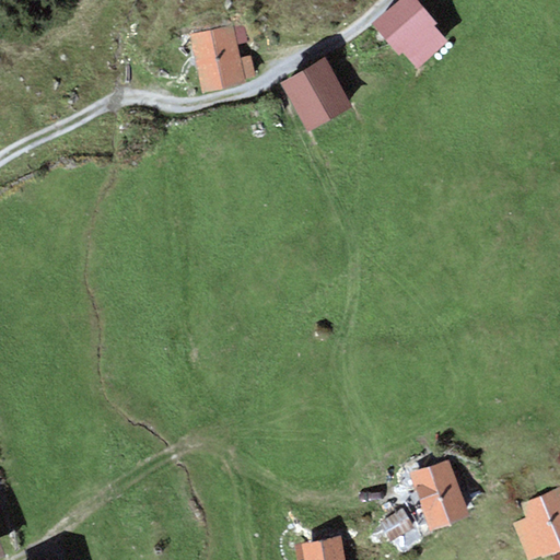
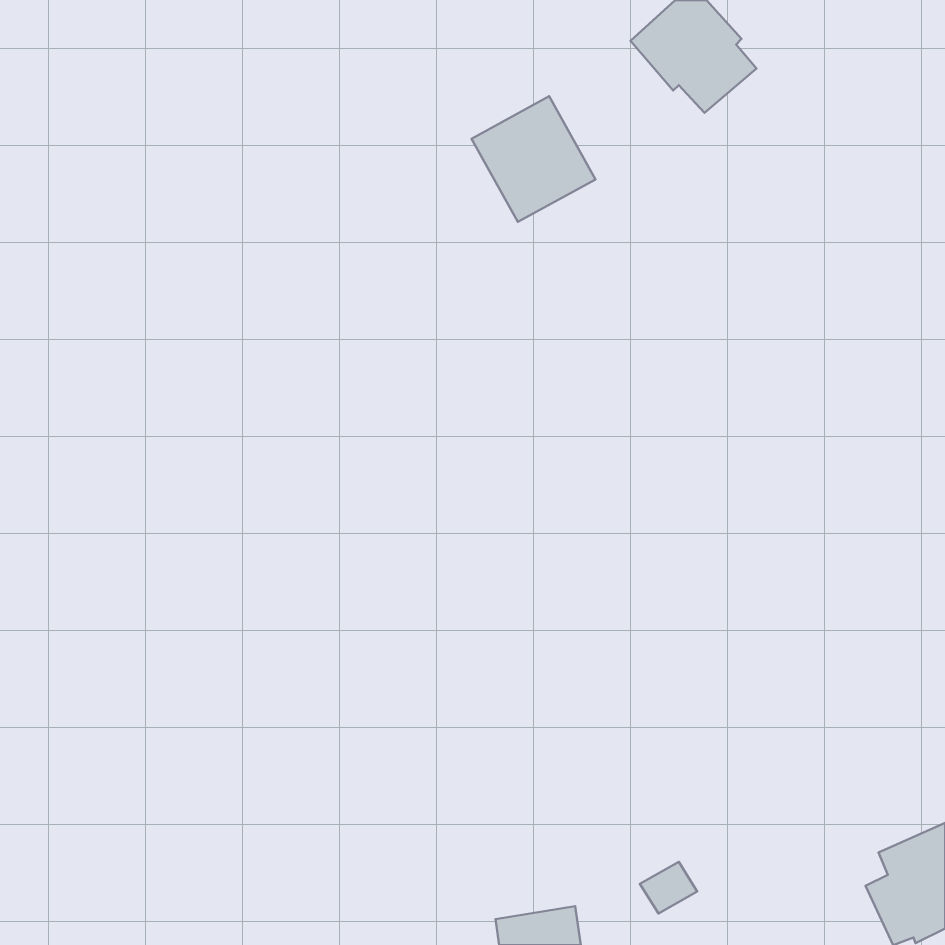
building: [190,25,255,91] -> none
building: [410,458,468,528] -> none

